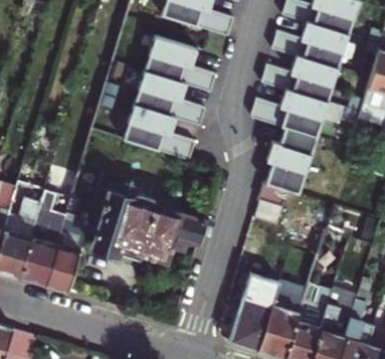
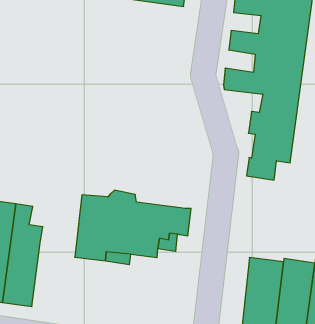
building: [122,37,214,161] -> none
building: [43,229,81,293] -> none

